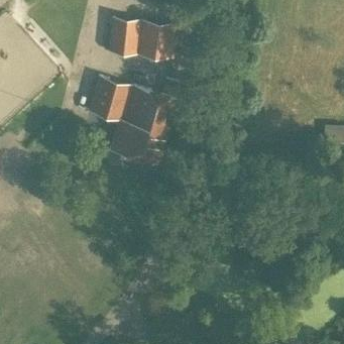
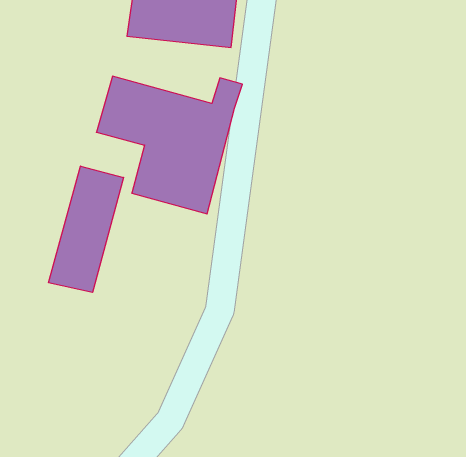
building: none -> [49,166,124,292]

